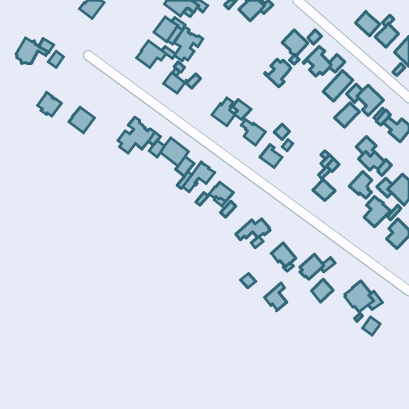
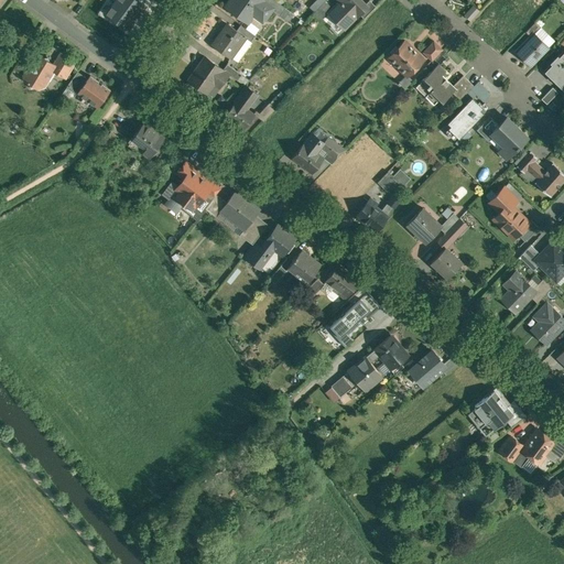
building: [356,11,380,36] -> none
building: [174,27,203,61] -> none
building: [264,59,291,87] -> none
building: [38,92,62,116] -> [77,75,110,108]
building: [334,103,360,127] -> none
building: [69,107,95,133] -> [129,122,164,158]
building: [241,119,266,145] -> none
building: none -> [410,208,438,242]
building: [349,172,372,198] -> none
building: none -> [325,264,358,299]
building: [311,279,333,302] -> none
building: [264,283,287,311] -> [350,349,381,388]
building: none -> [520,429,555,464]

